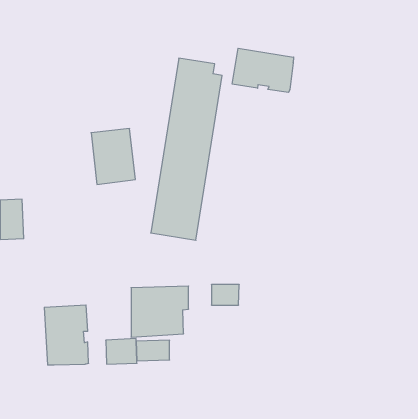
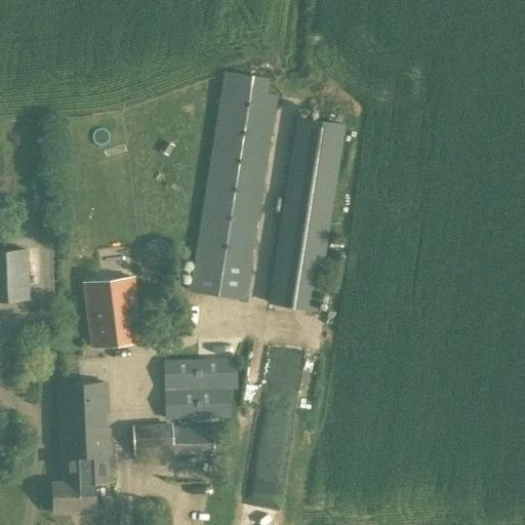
building: [232,48,294,92] -> none
building: none -> [268,117,346,311]
building: [91,129,135,184] -> [85,277,140,347]
building: none -> [52,455,109,513]

